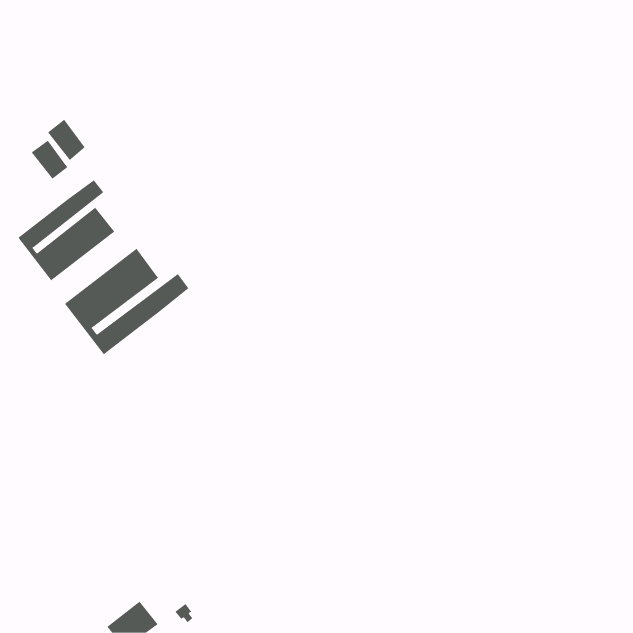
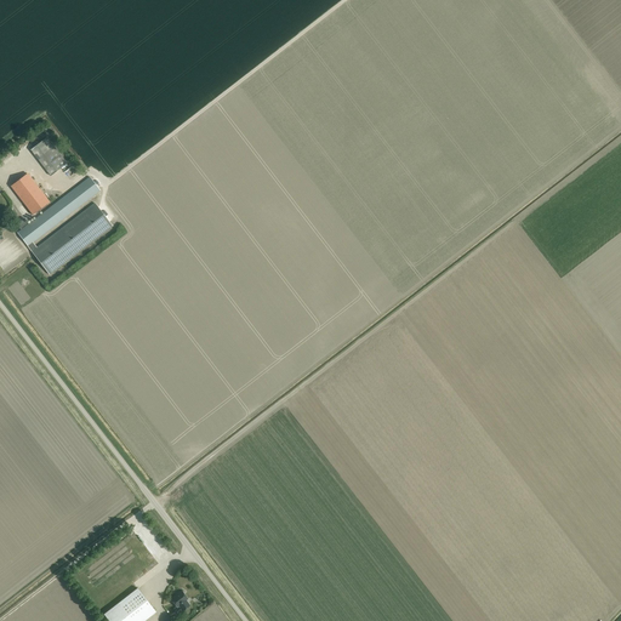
building: [47,119,86,161] -> [11,173,49,215]
building: [64,248,189,355] -> none

